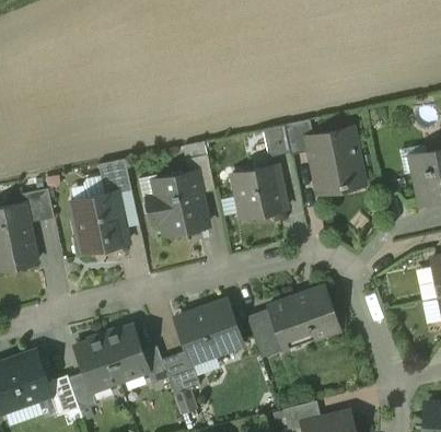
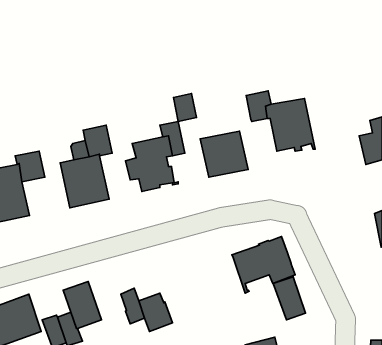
building: [263,126,289,157] -> [173,94,196,121]
building: [175,303,241,362] -> none
building: [245,310,282,359] -> [273,277,306,320]
building: [103,328,147,382] -> none

